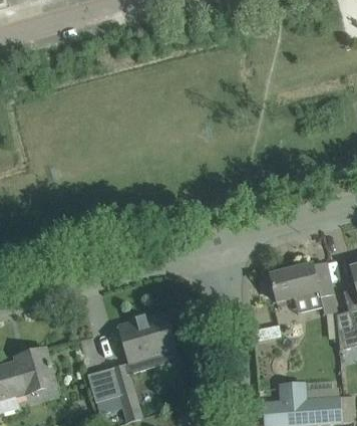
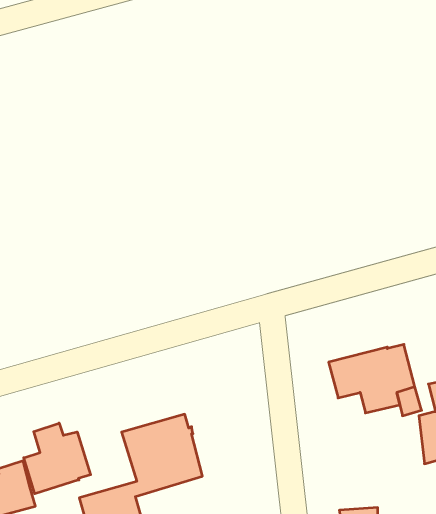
building: none -> [24,423,91,494]

